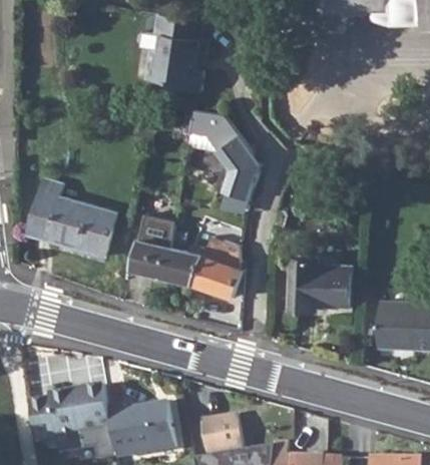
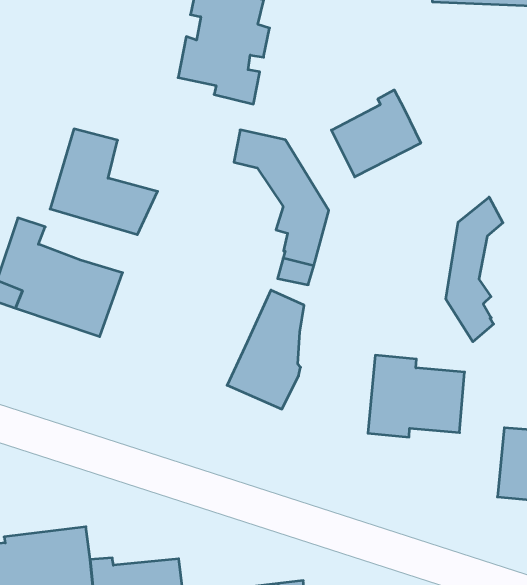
building: none -> [331,90,421,177]
building: none -> [446,197,503,342]
building: [131,214,203,284] -> [50,129,158,235]

